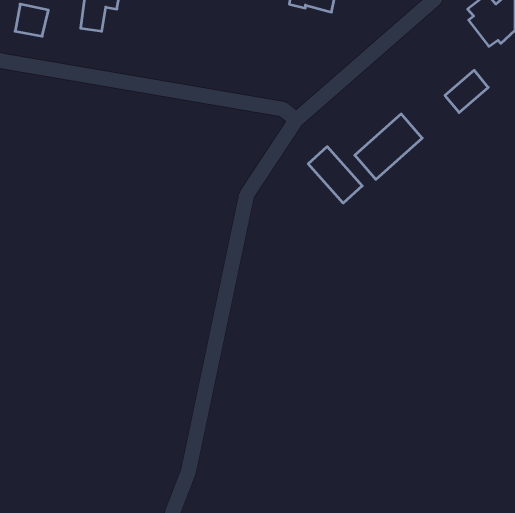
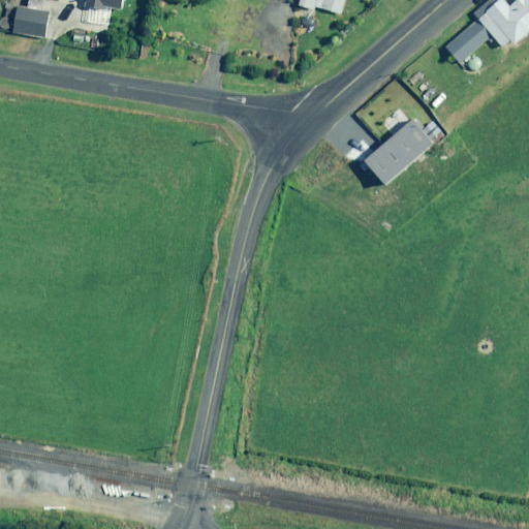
building: [445,70,488,113] -> [444,19,489,62]
building: [308,147,362,203] -> none

